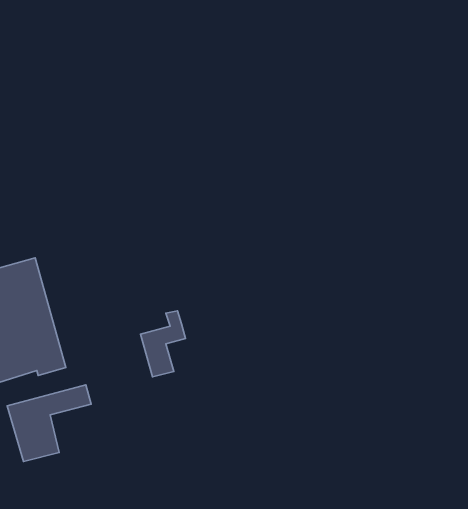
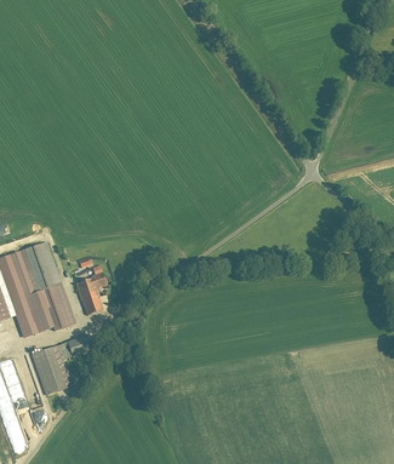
building: [141,311,185,377] -> [75,263,109,314]

